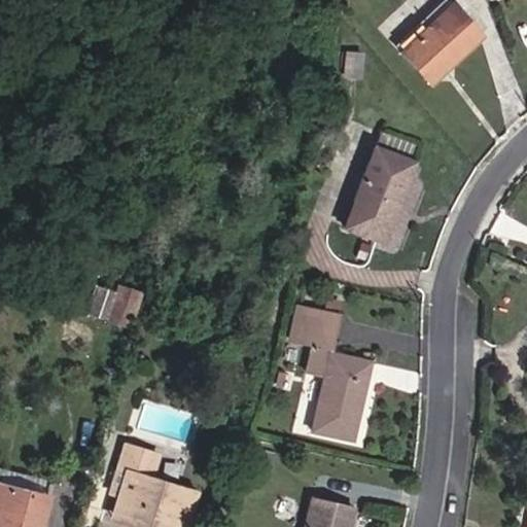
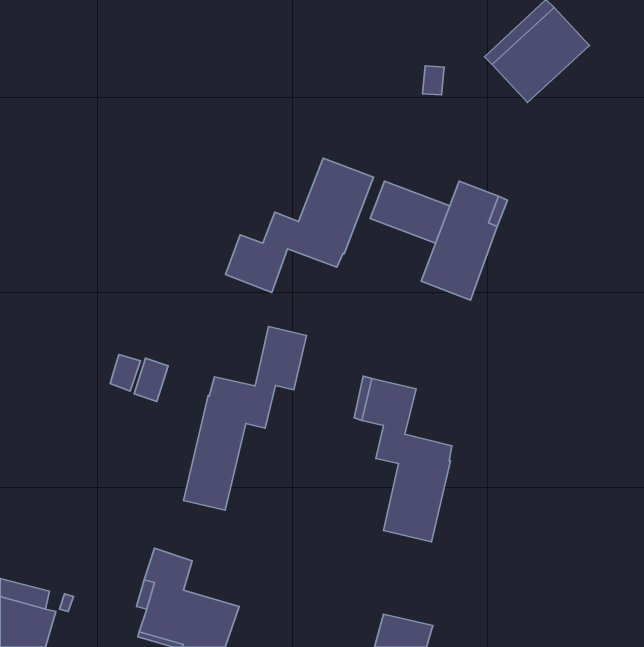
building: none -> [226,158,373,292]
building: none -> [370,181,450,243]
building: none -> [183,326,306,510]

